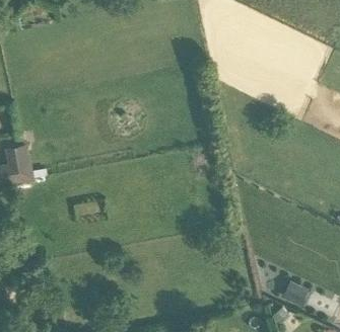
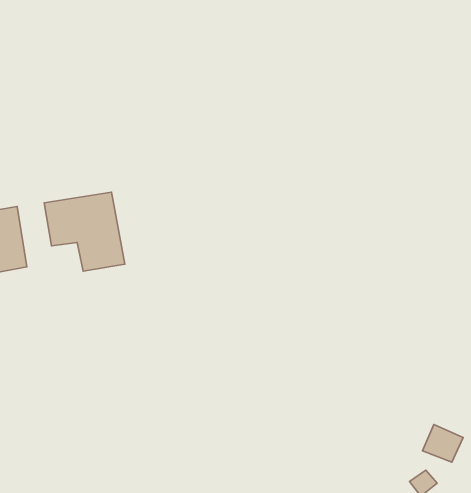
building: none -> [44,192,125,271]

